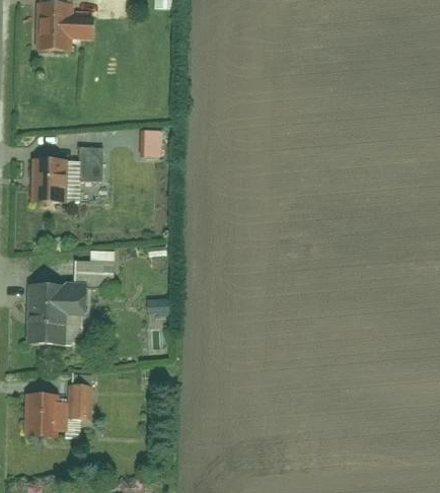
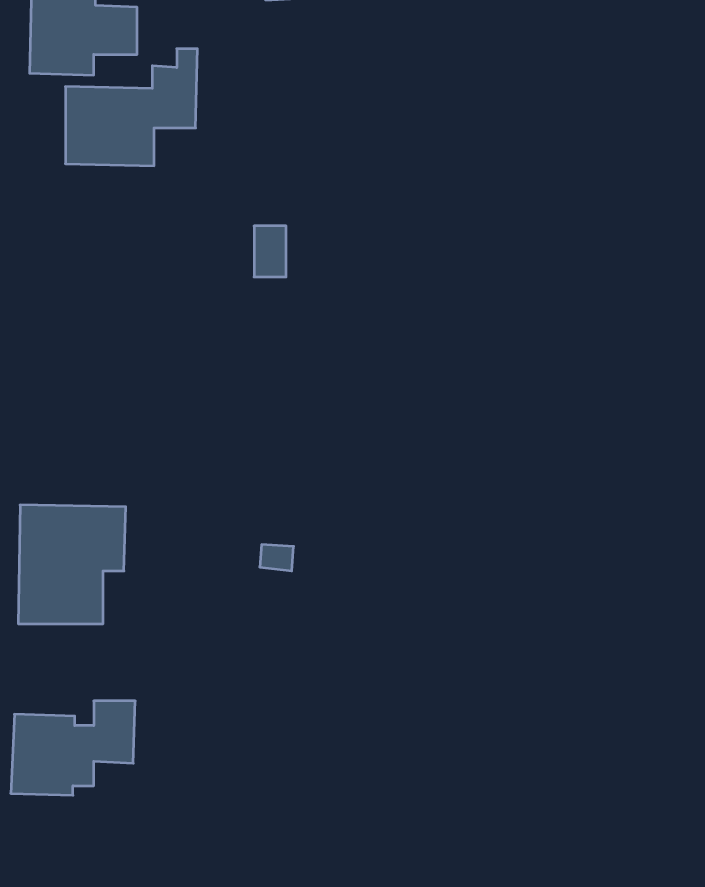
building: [31,137,102,200] -> [65,49,197,166]
building: [74,260,115,279] -> none

